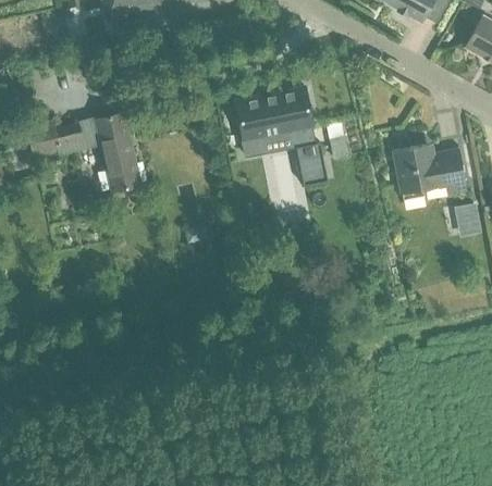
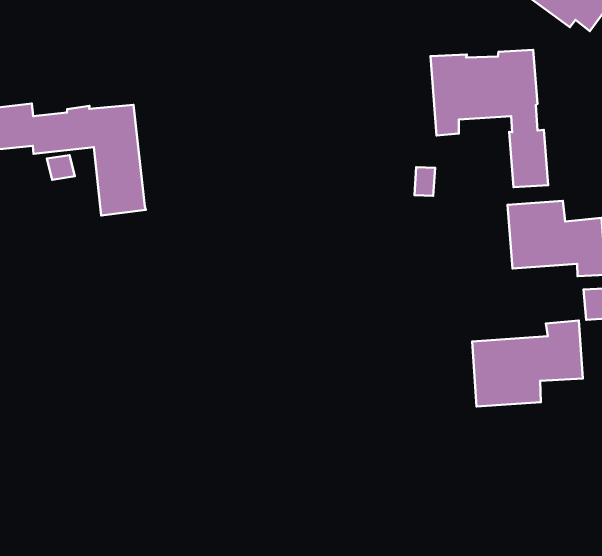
building: [235,88,328,185] -> [430,50,548,187]
building: none -> [472,320,583,406]

